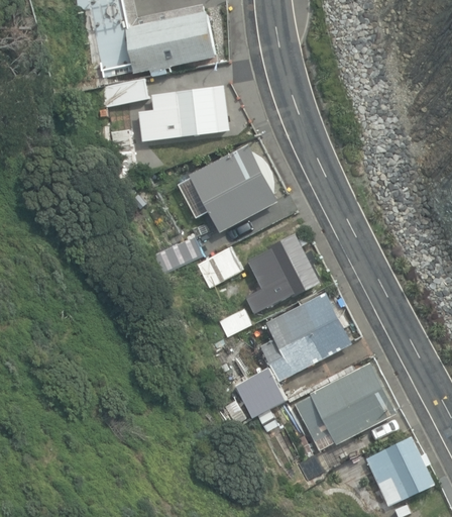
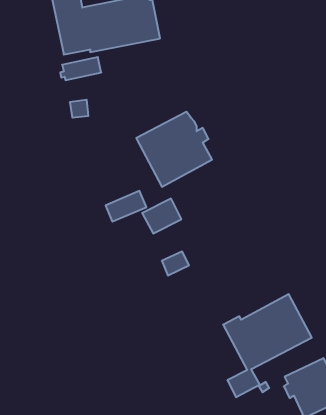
building: [134,87,227,142] -> none
building: [243,234,321,315] -> none
building: [233,293,351,417] -> none

